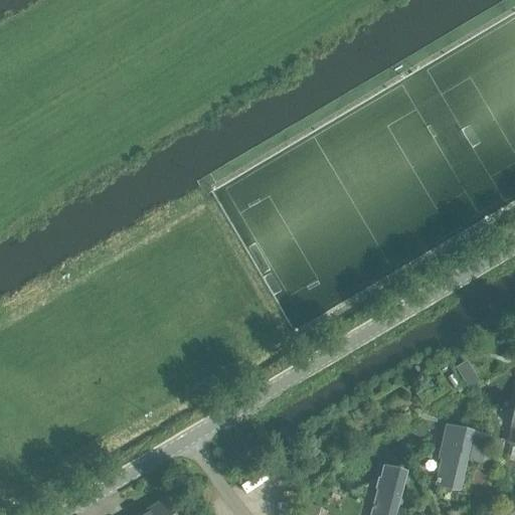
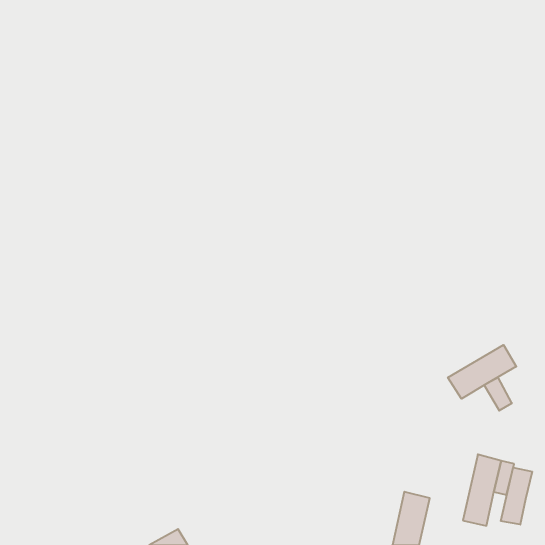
building: none -> [448,345,516,399]
building: none -> [501,467,532,525]

